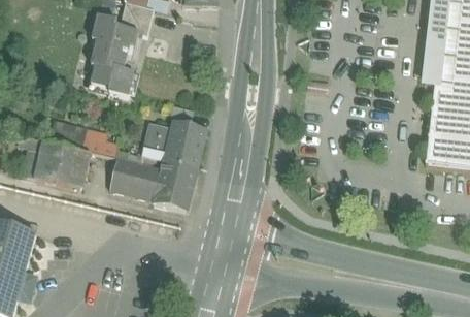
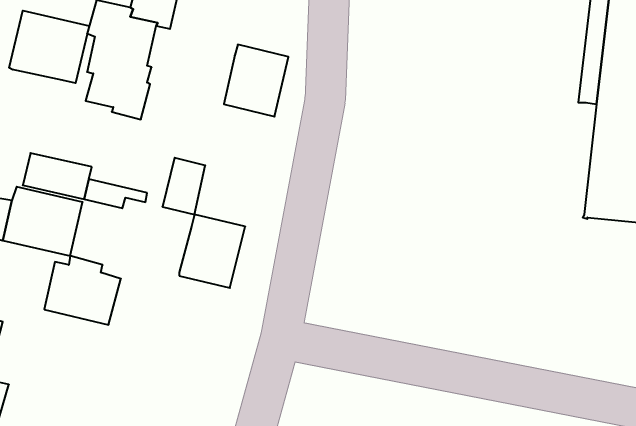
building: none -> [9,11,89,83]
building: [164,120,207,168] -> [224,45,288,117]
building: [110,153,162,199] -> [44,256,121,325]

